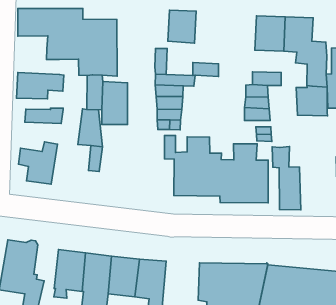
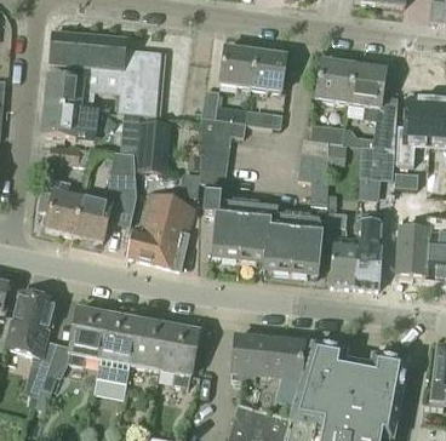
building: none -> [250,50,286,90]
building: none -> [46,75,95,109]
building: none -> [128,190,194,268]
building: none -> [74,188,112,240]
building: none -> [355,224,383,287]

